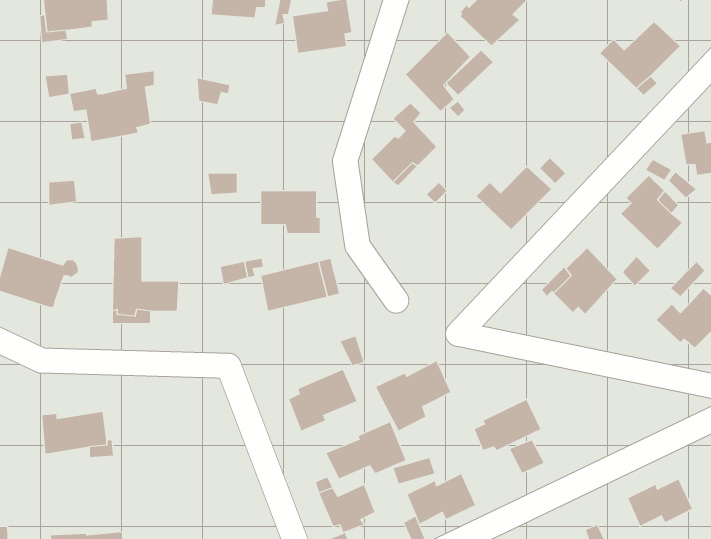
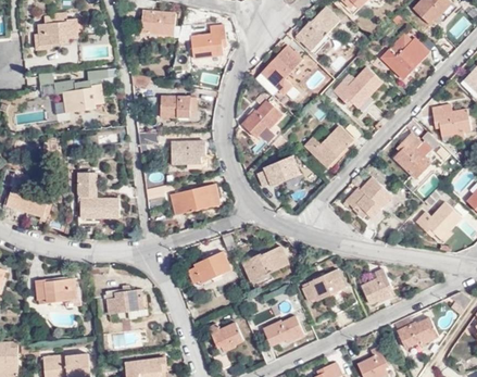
building: none -> [331,67,379,112]
building: none -> [161,96,197,117]
building: none -> [255,154,298,187]
building: none -> [360,269,390,304]
building: [326,421,406,479] -> none
building: none -> [97,289,145,318]

